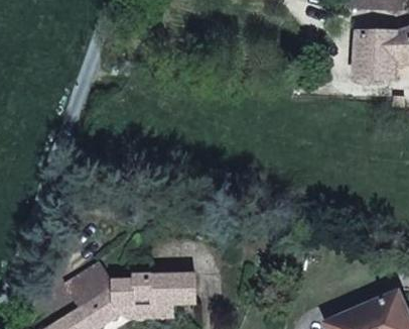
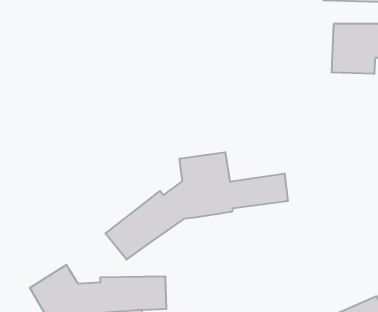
building: none -> [105,152,288,260]

